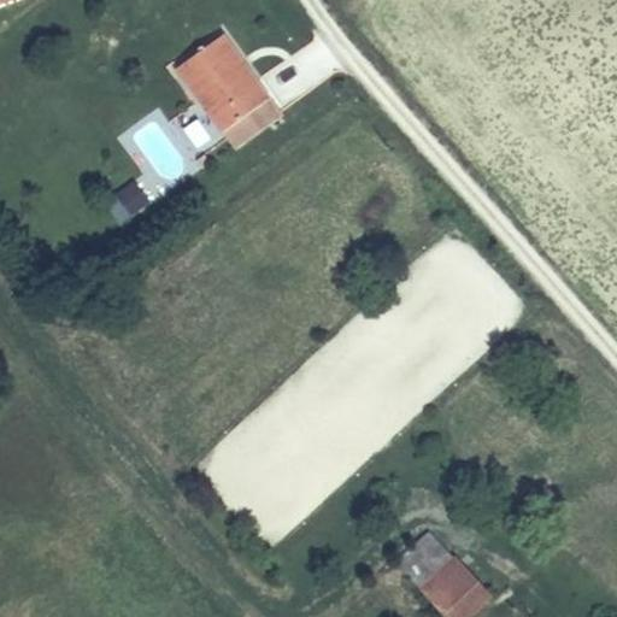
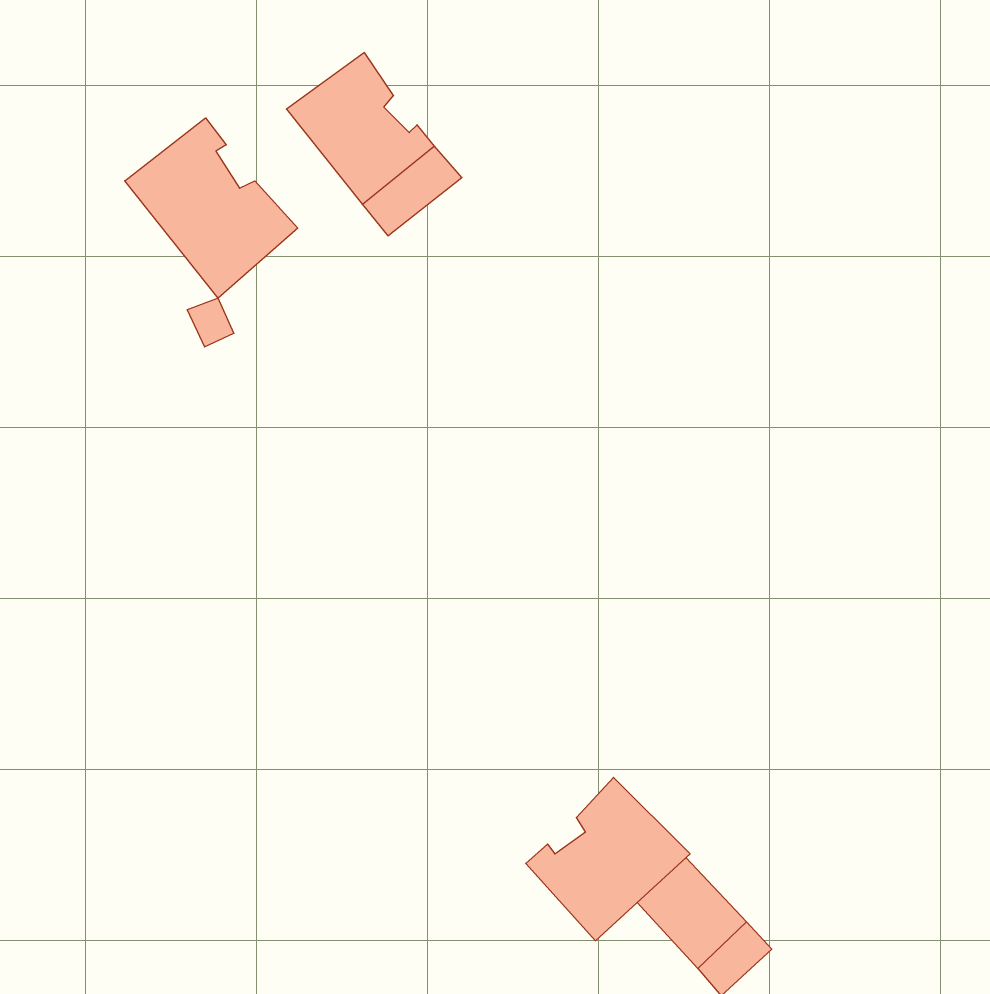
building: none -> [125,118,298,298]
building: none -> [526,777,690,941]

